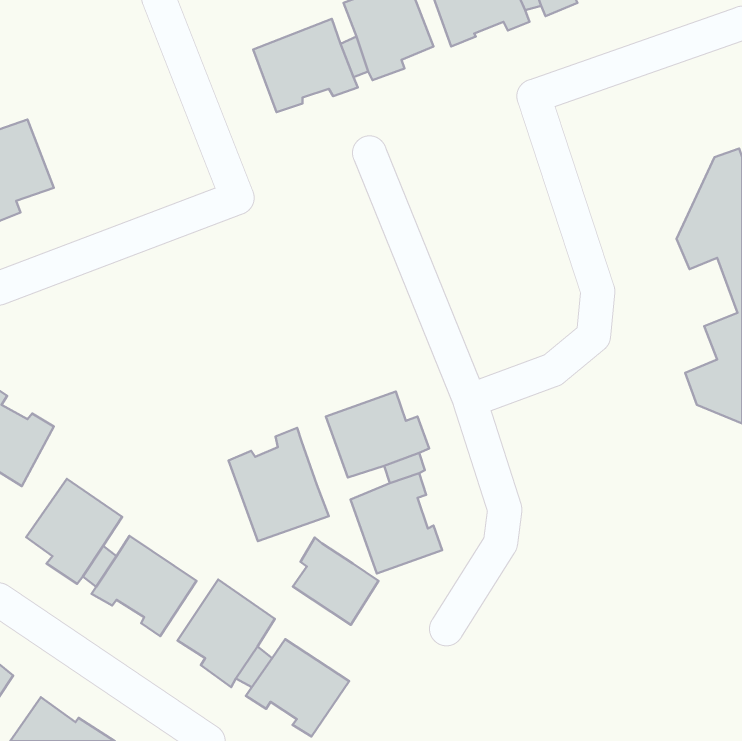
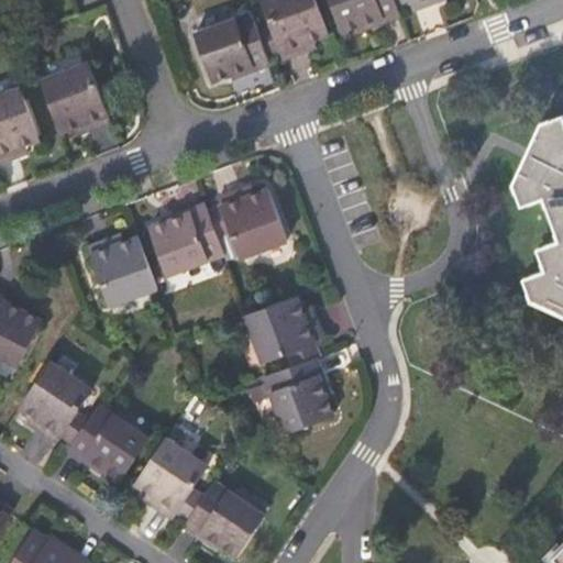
building: none -> [41,66,112,135]
building: none -> [218,189,288,258]
building: none -> [150,203,224,275]
building: none -> [88,236,158,307]
building: [228,428,329,541] -> none
building: [293,538,378,625] -> none

